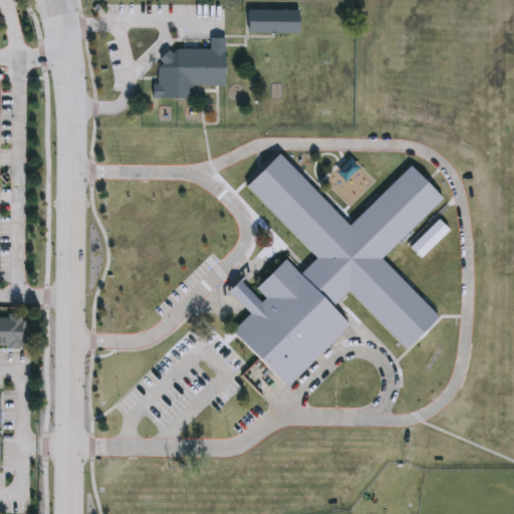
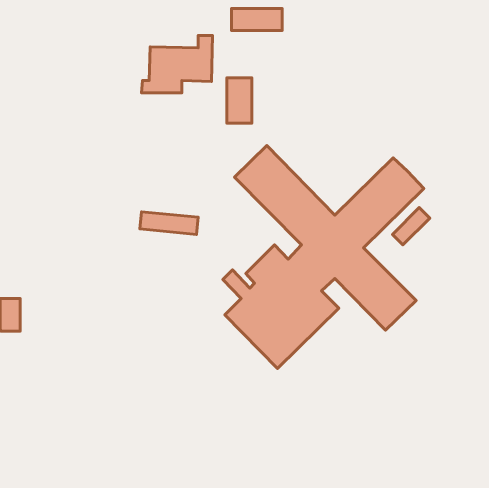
building: none -> [227,78,252,123]
building: none -> [140,212,198,235]

